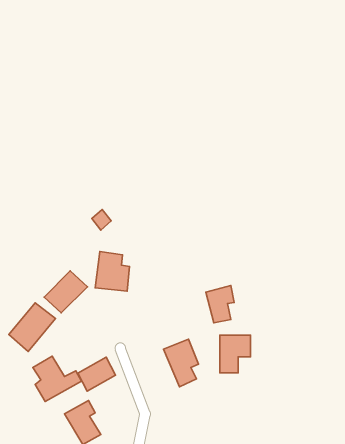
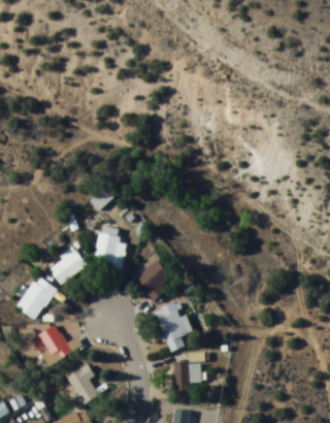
building: [206,285,234,323] -> [140,264,166,298]
building: [220,335,251,373] -> [173,362,201,396]
building: [78,357,116,391] -> none

